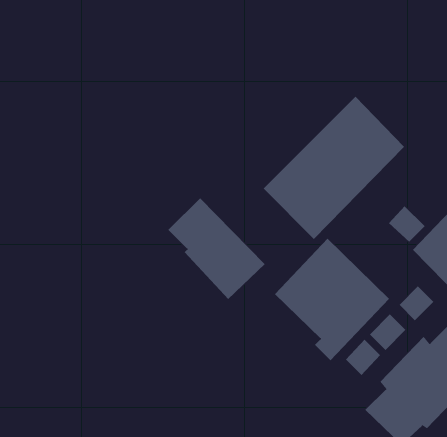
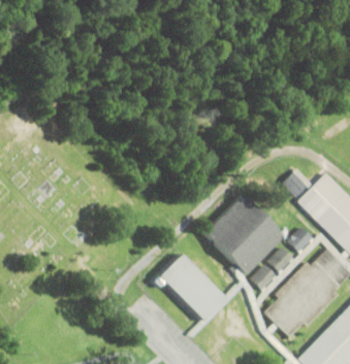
building: [263,96,405,240] -> none
building: [168,197,265,300] -> [166,255,234,326]

